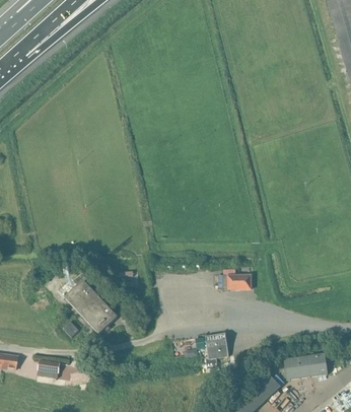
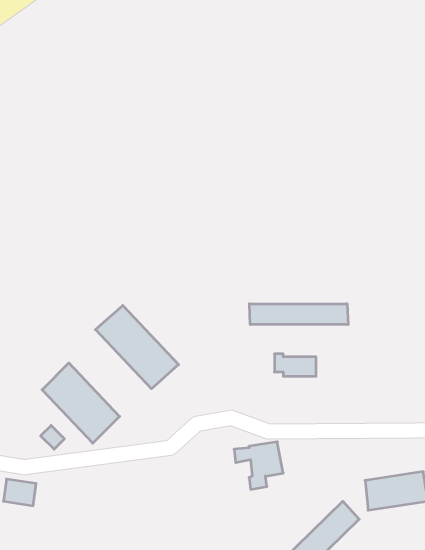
building: none -> [249,304,348,325]
building: none -> [95,305,179,389]

